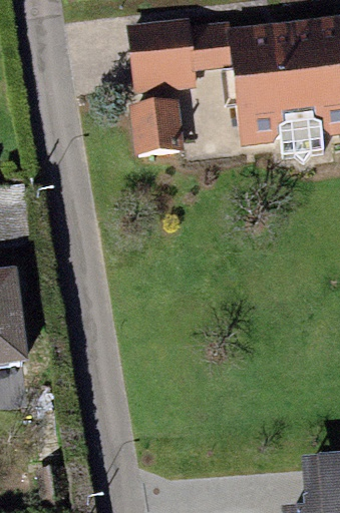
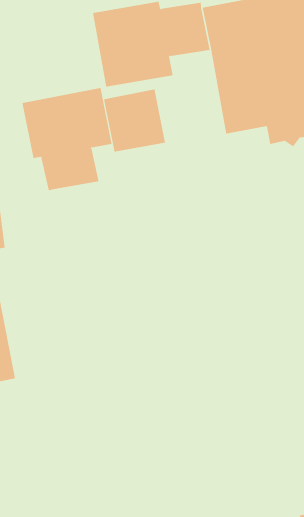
building: none -> [22,87,112,191]

